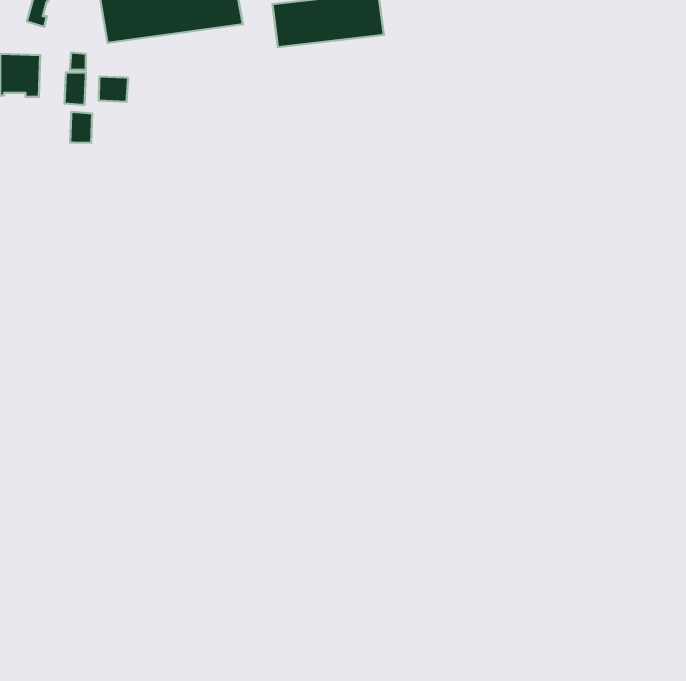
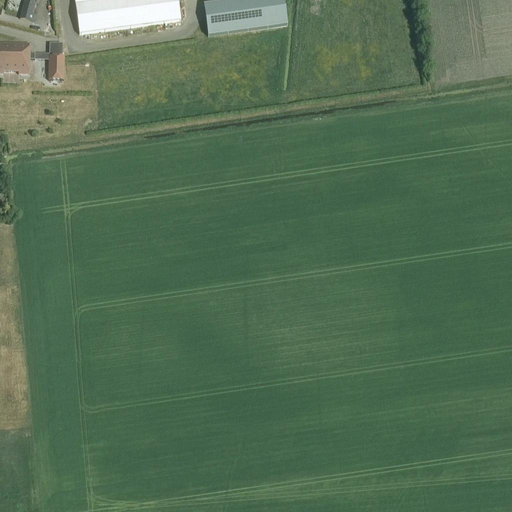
building: [99,76,128,102] -> none
building: [70,112,92,143] -> none

